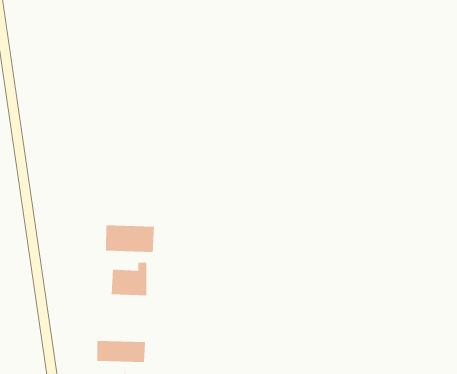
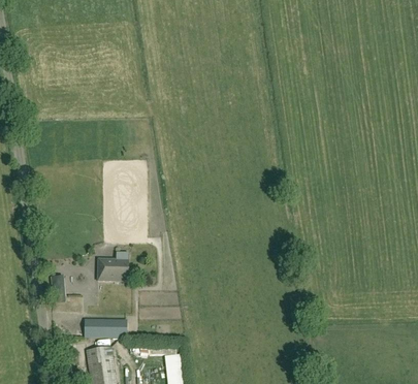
building: [106,225,154,253] -> none

